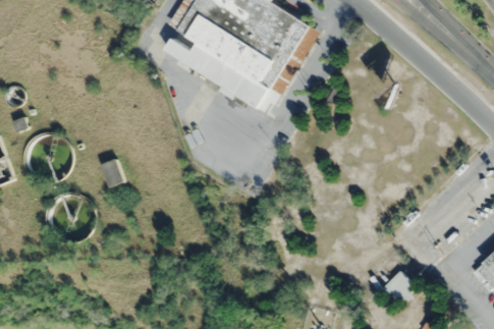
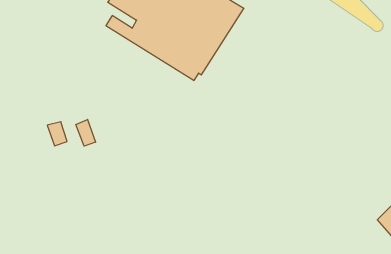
building: none -> [76,119,96,146]
building: [383,272,417,305] -> none

